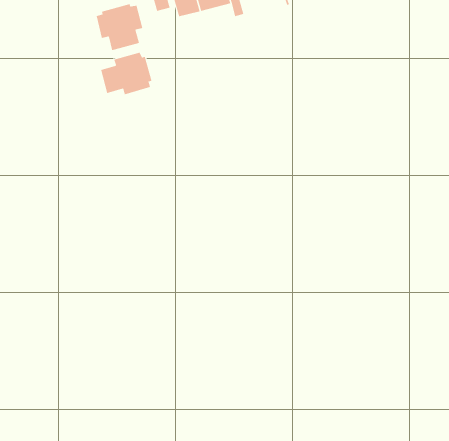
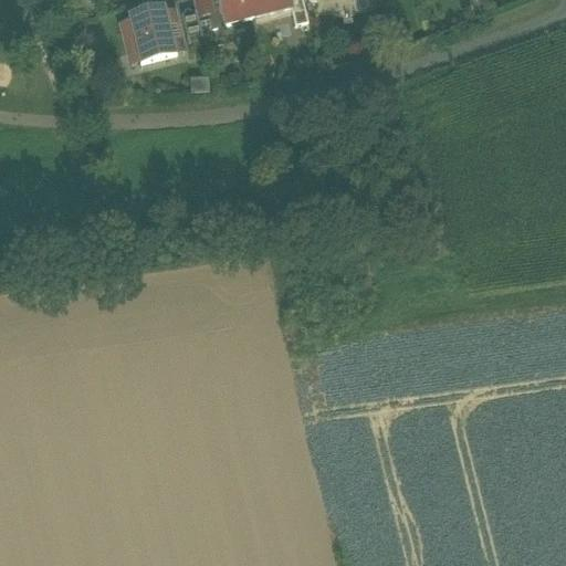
building: [100,52,152,95] -> none

